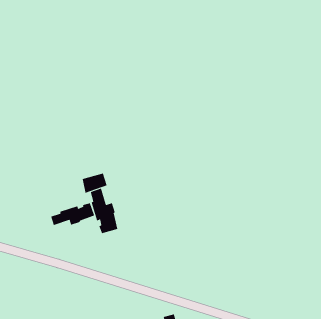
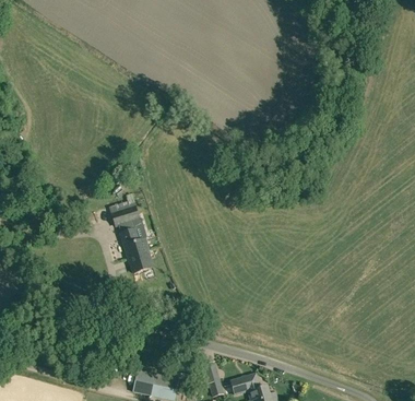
building: [51,202,95,226] -> none

